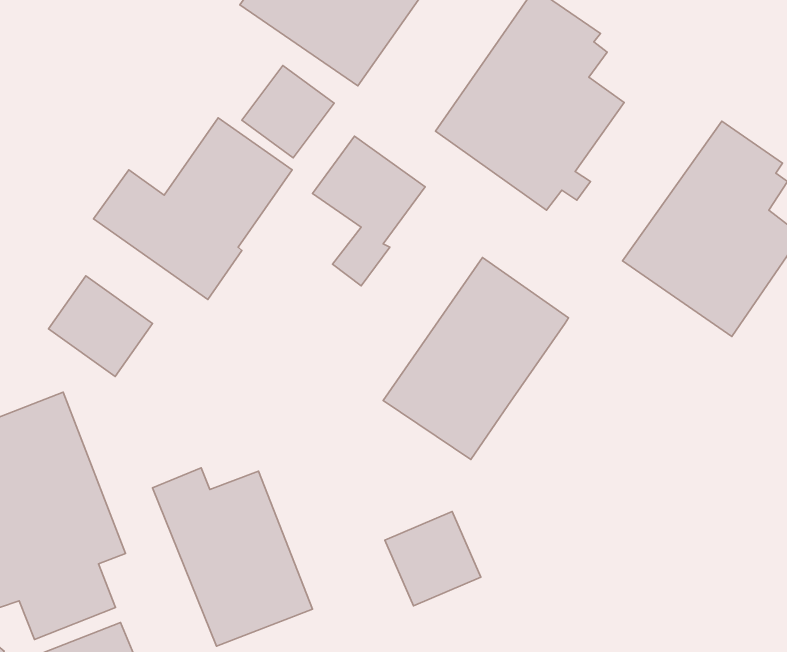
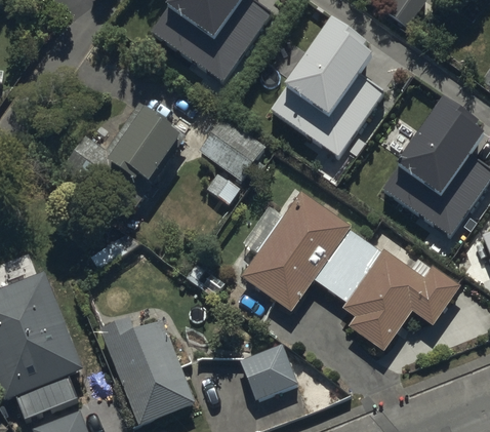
building: [242,65,334,158] -> none
building: [49,276,153,376] -> none
building: none -> [314,227,458,349]

